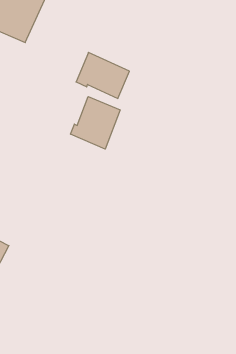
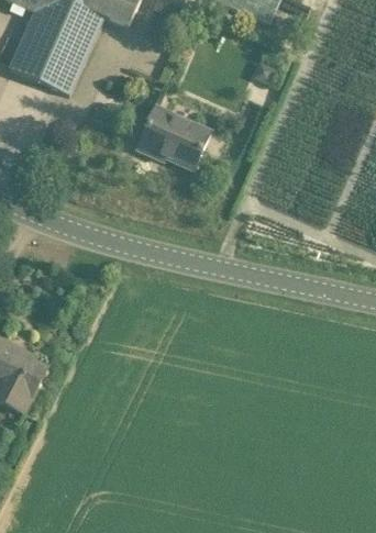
building: [71,97,120,149] -> none

